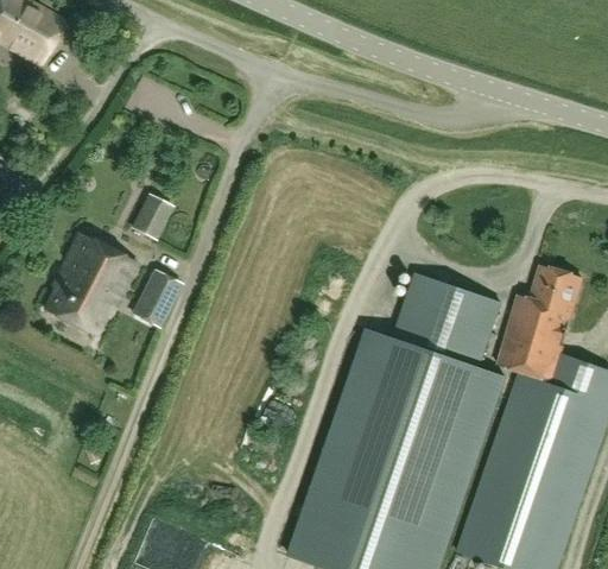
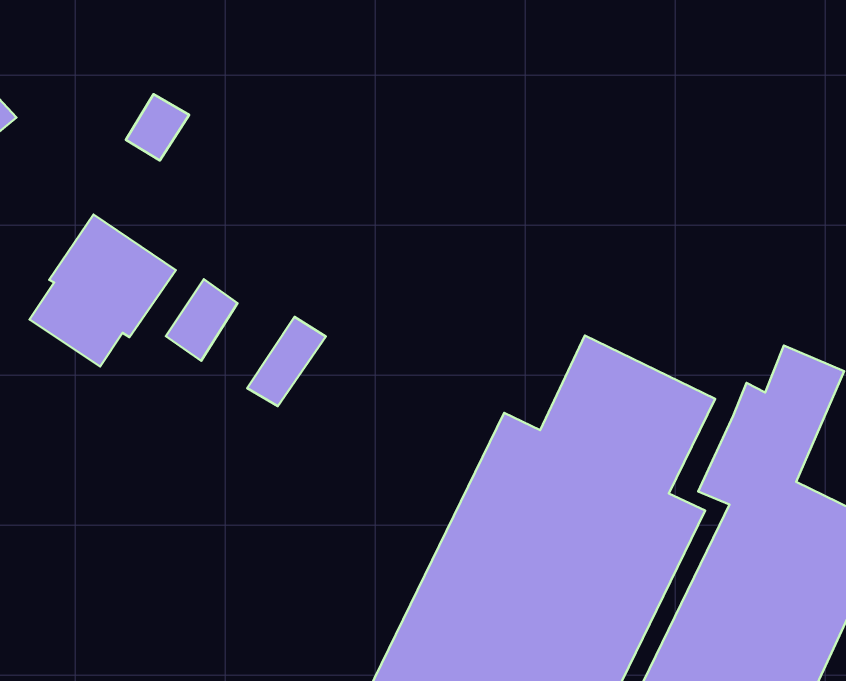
building: [132,196,171,239] -> [126,94,189,160]
building: none -> [247,317,326,406]

